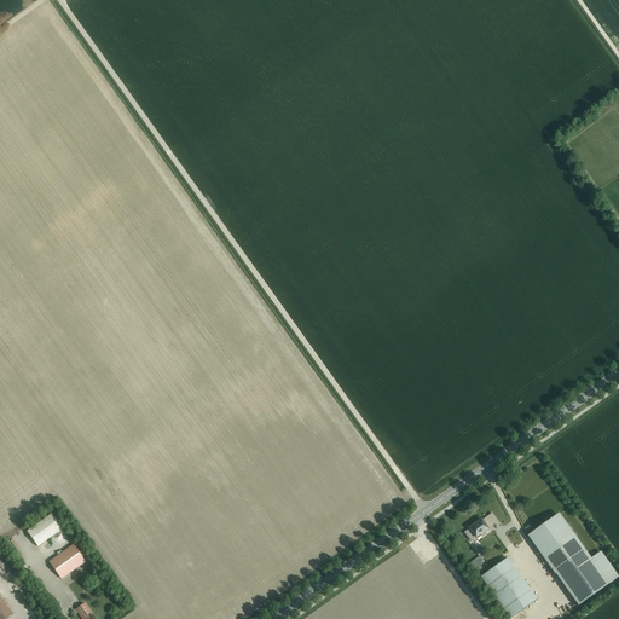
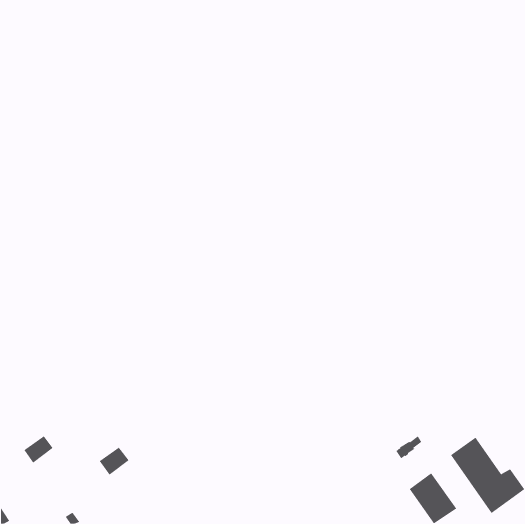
building: [50,544,86,578] -> [99,447,130,476]

